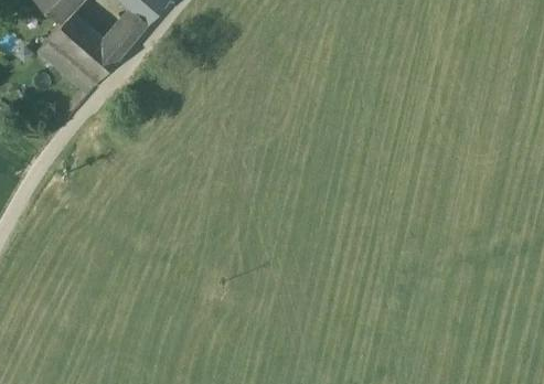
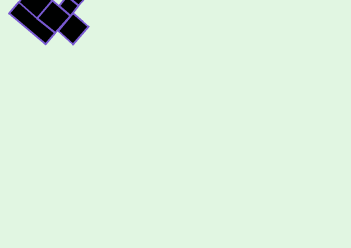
building: none -> [58,13,89,45]

